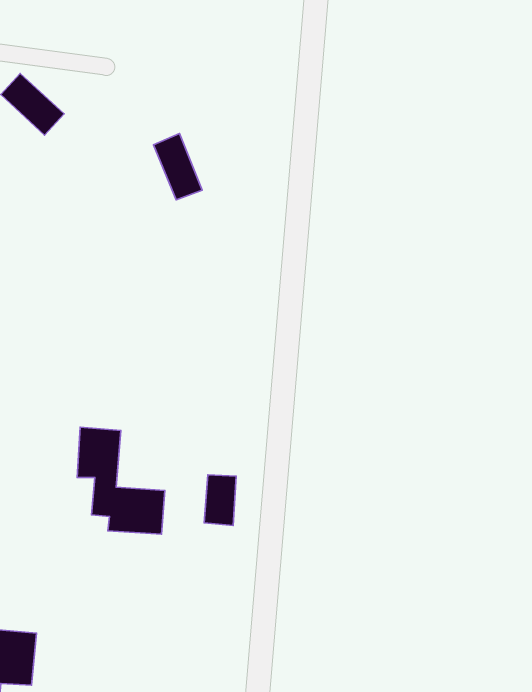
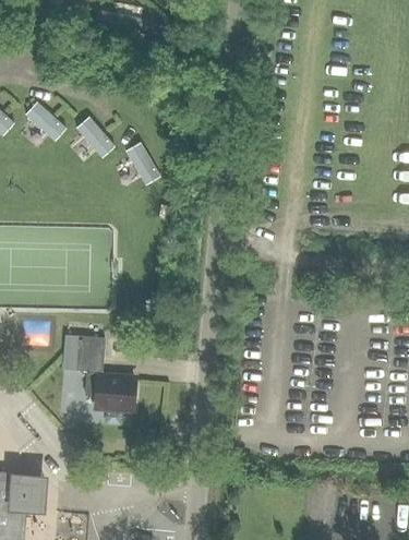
building: none -> [74,116,117,158]
building: [204,475,236,525] -> none

